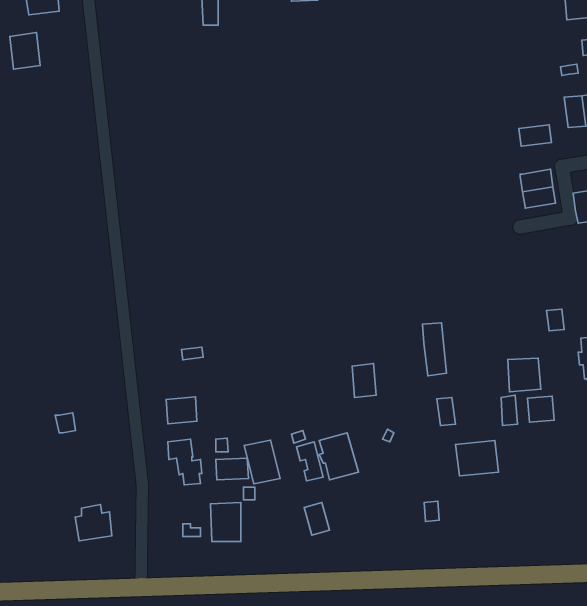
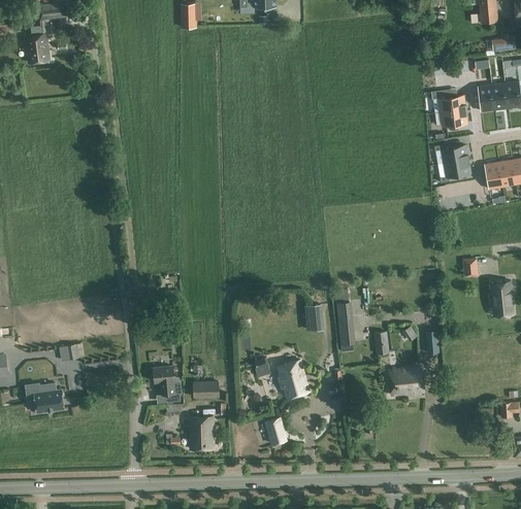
building: none -> [431,88,465,112]
building: [423,323,447,376] -> [336,301,356,344]
building: [508,358,541,392] -> none
building: [527,396,554,422] -> none
building: [166,397,197,424] -> none
building: [244,440,280,484] -> none
building: [75,504,112,541] -> [34,382,64,412]

